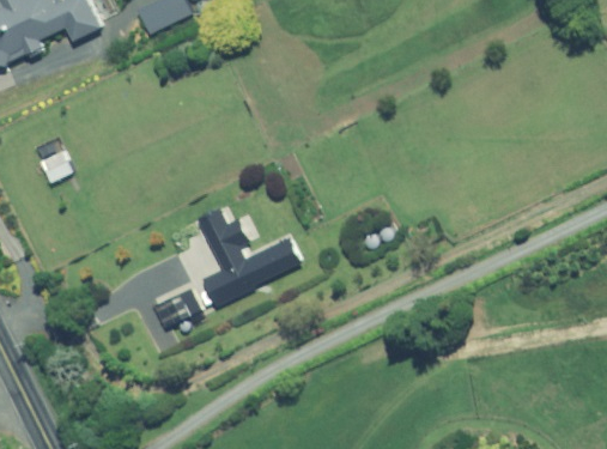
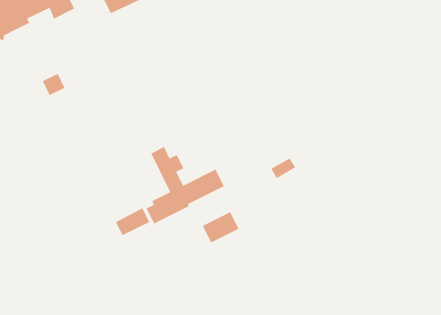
building: [41,151,72,182] -> [42,73,65,96]
building: none -> [202,211,240,244]

